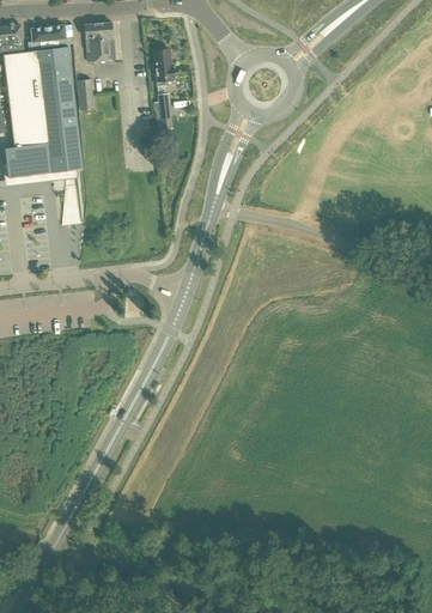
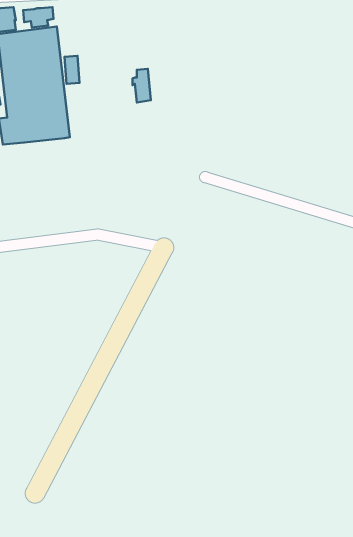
building: [84,22,115,61] -> none
building: [153,49,175,86] -> none

